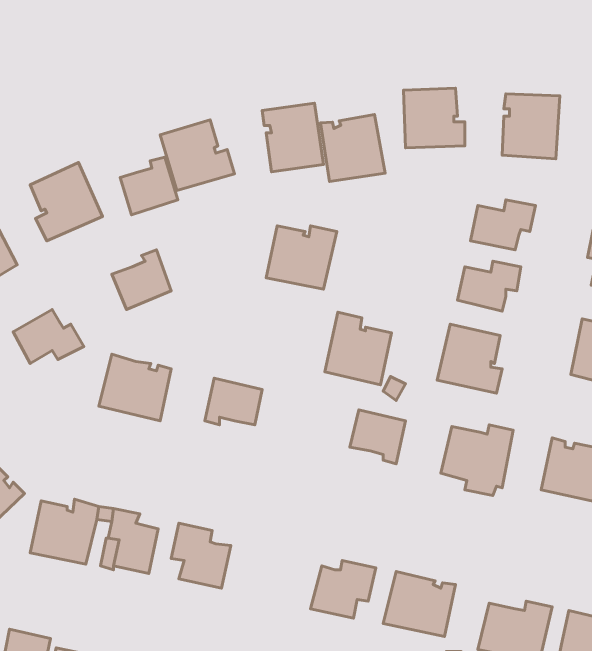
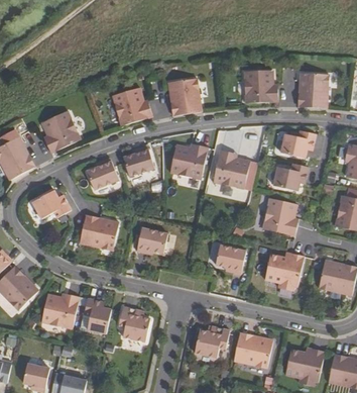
building: [321,114,385,181] -> none
building: [120,157,178,215] -> [123,145,154,177]
building: [325,312,392,385] -> [213,150,249,189]

